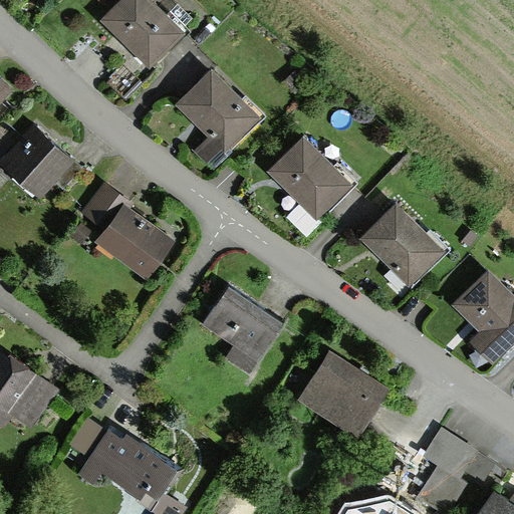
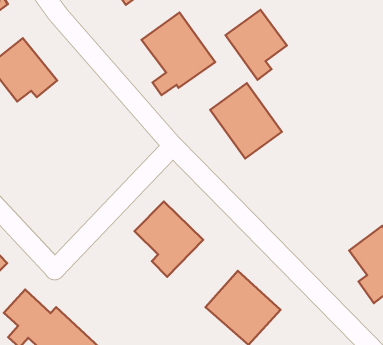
building: none -> [225,10,287,80]
building: [82,183,175,282] -> none
building: [358,201,444,285] -> none

